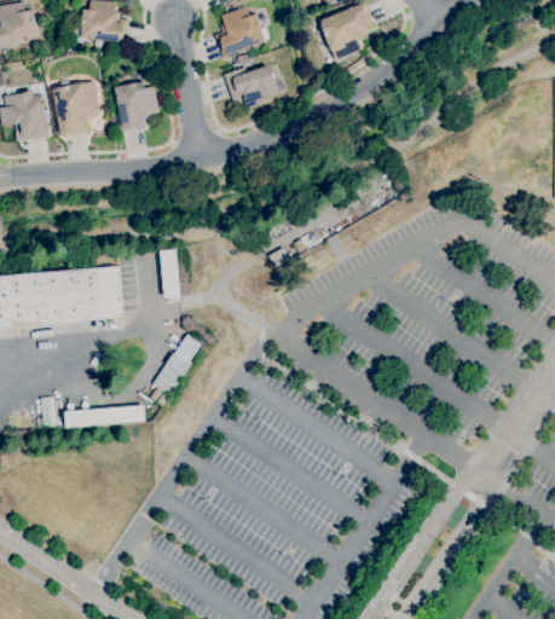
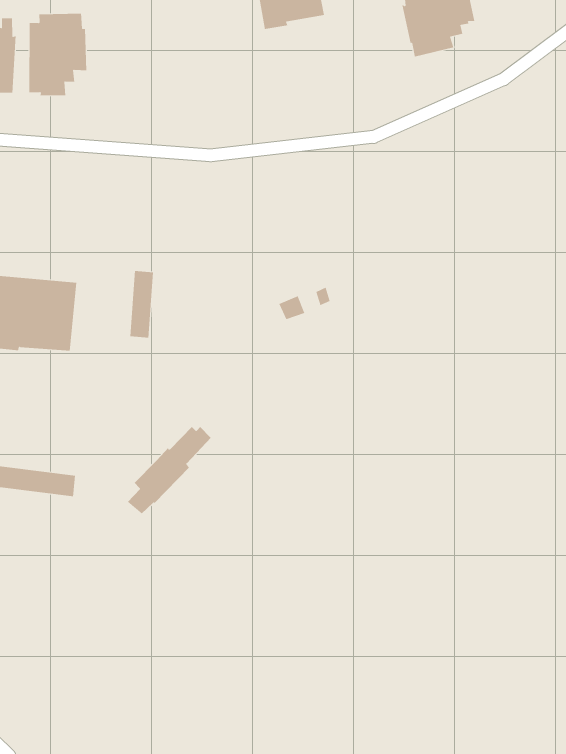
building: [224,65,281,110] -> none
building: [115,82,160,132] -> none
building: [150,334,203,405] -> [127,426,211,514]

